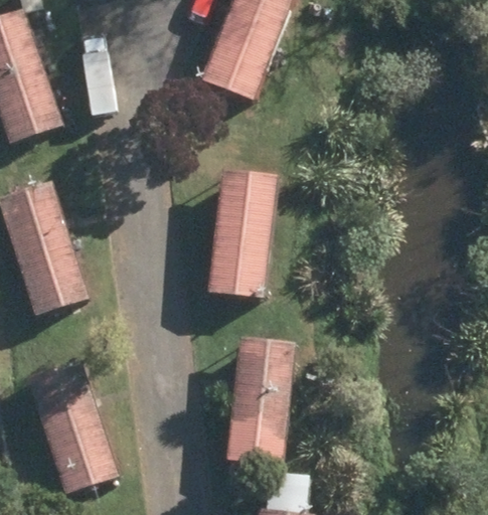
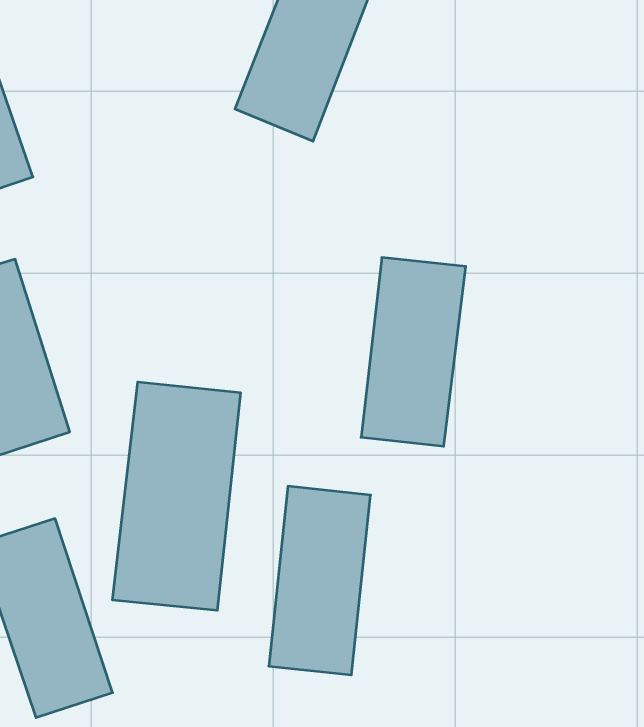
building: [207,169,279,298] -> [361,258,466,446]
building: none -> [113,382,240,610]

